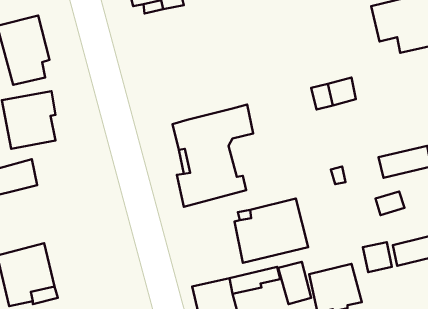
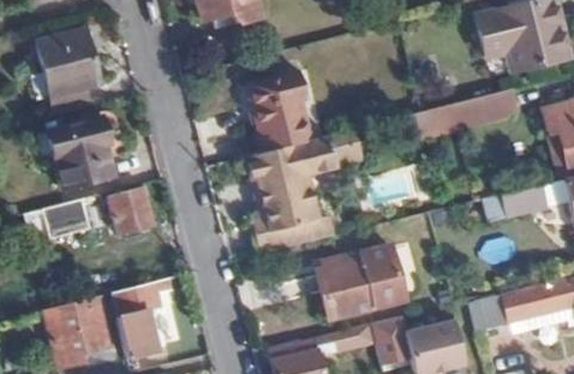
building: none -> [247,72,316,152]
building: none -> [454,85,524,127]
building: none -> [109,188,154,233]
building: none -> [114,277,172,356]

